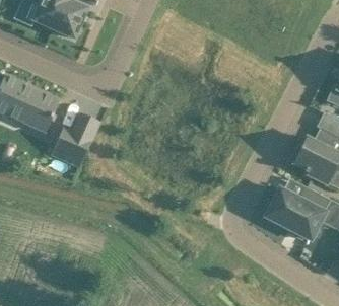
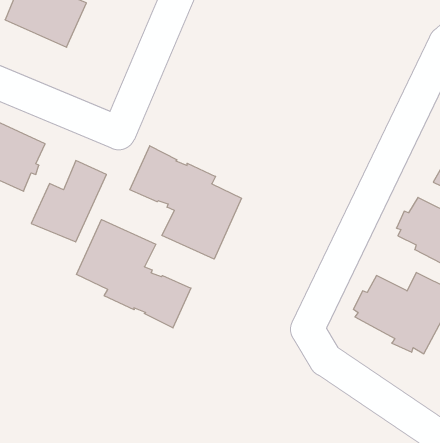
building: none -> [130,146,242,259]
building: none -> [77,220,191,328]

